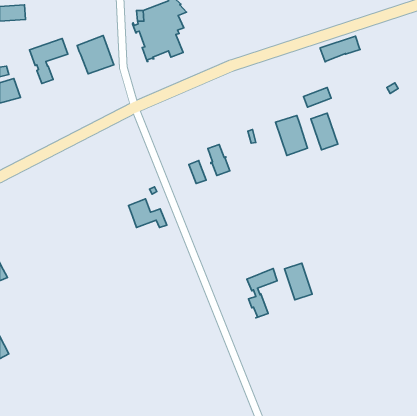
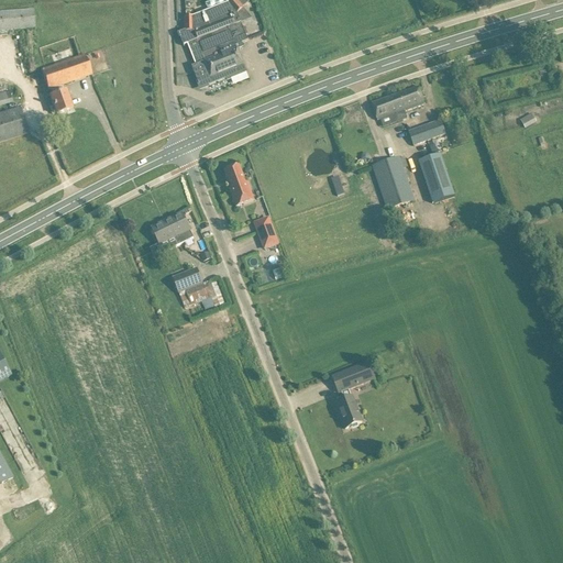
building: [77,36,114,74] -> none
building: [320,36,360,62] -> [371,85,424,119]
building: [208,145,230,176] -> [223,163,253,205]
building: none -> [152,212,192,250]
building: [284,263,312,300] -> none

